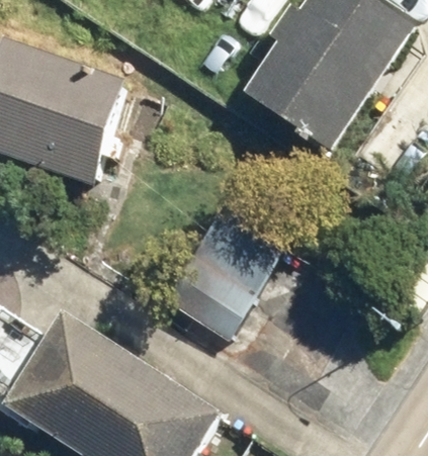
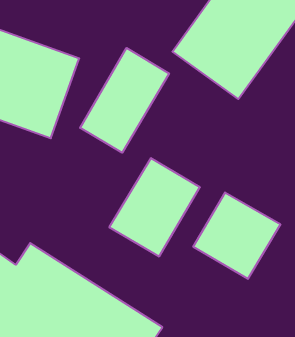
building: none -> [80,48,169,153]
building: none -> [193,192,280,279]

